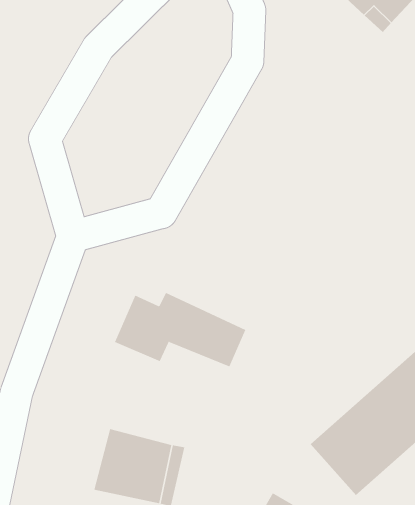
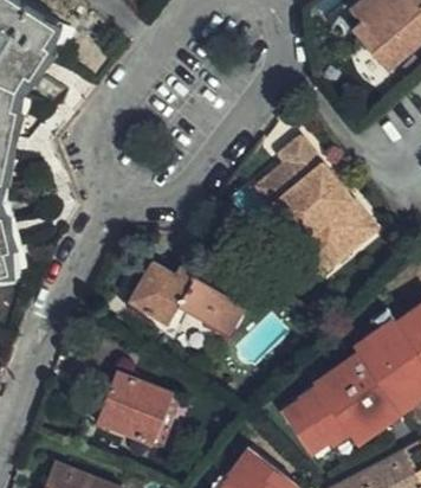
building: none -> [253,141,381,276]

